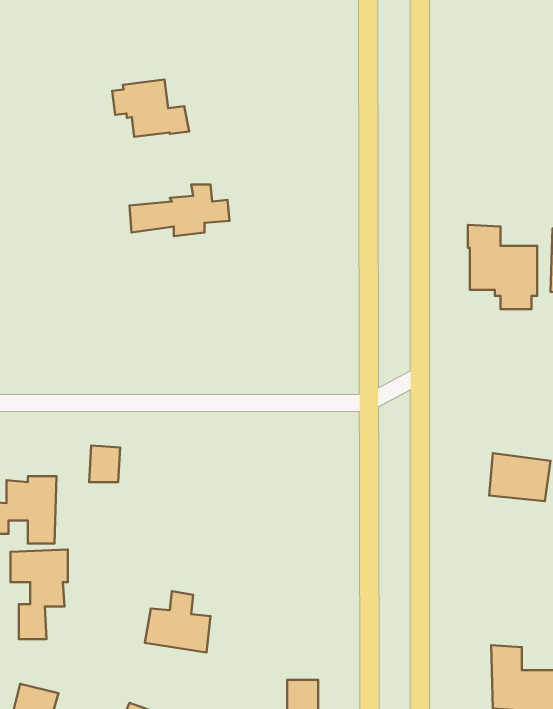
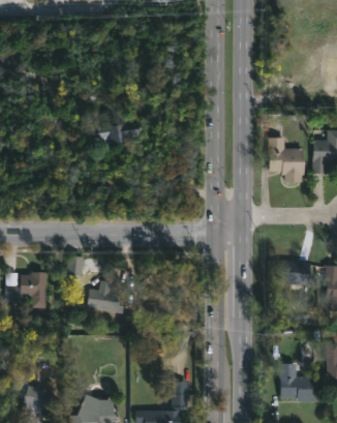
building: [112,80,189,137] -> none
building: [11,550,68,639] -> none
building: [145,591,210,653] -> [86,279,121,312]

